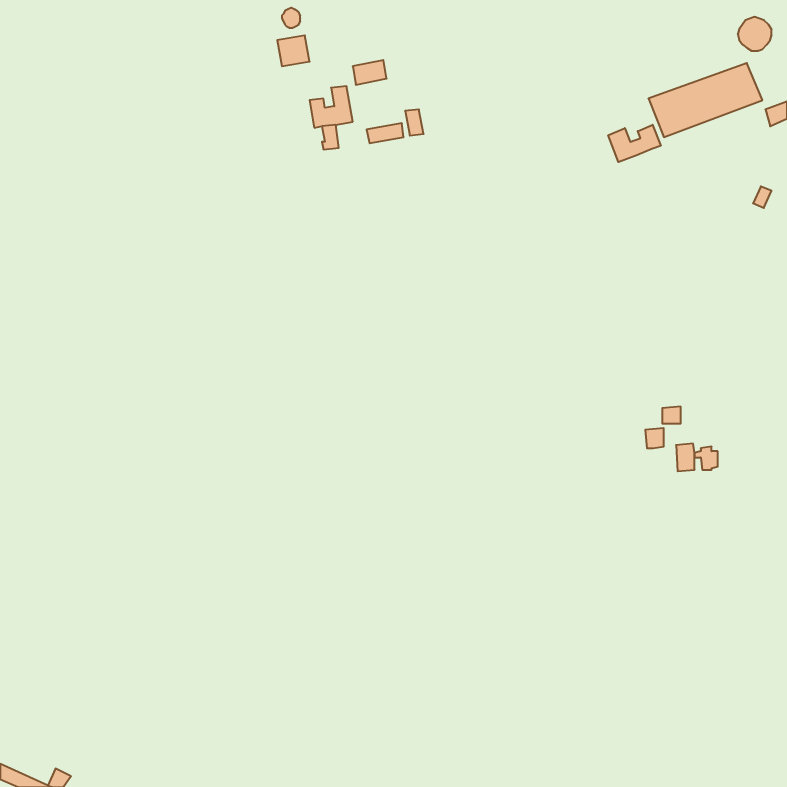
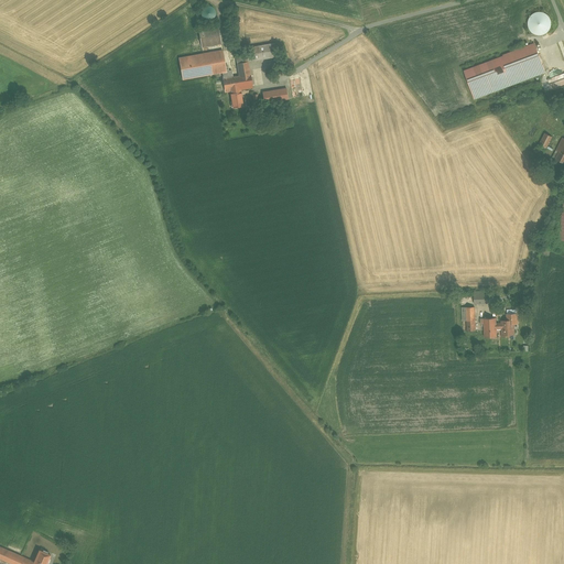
building: none -> [178,50,226,78]
building: [608,125,661,162] -> none

